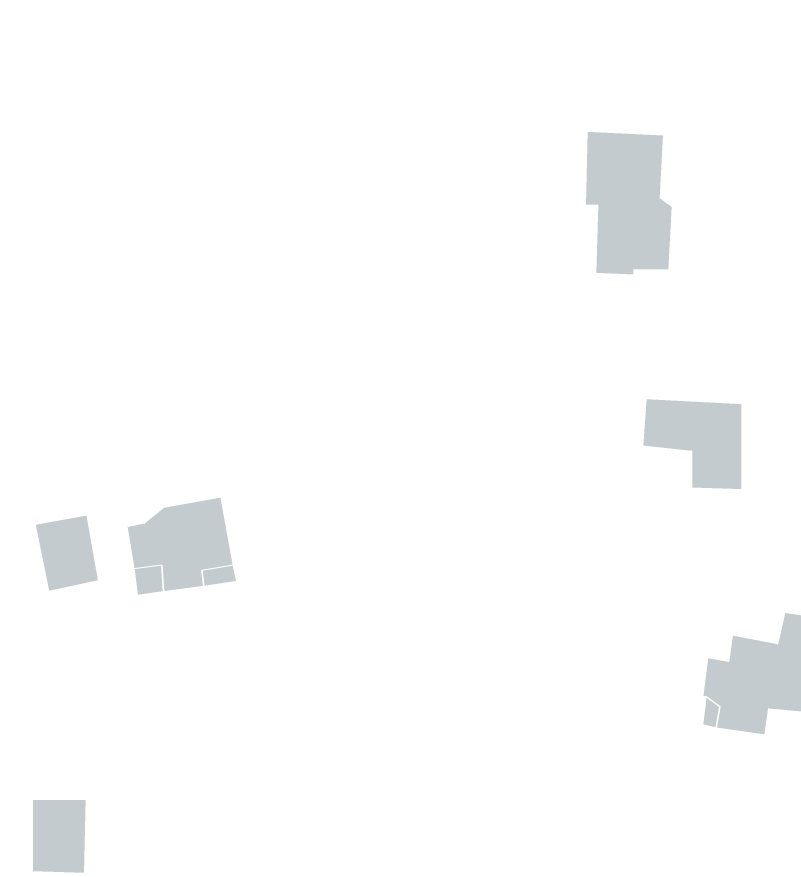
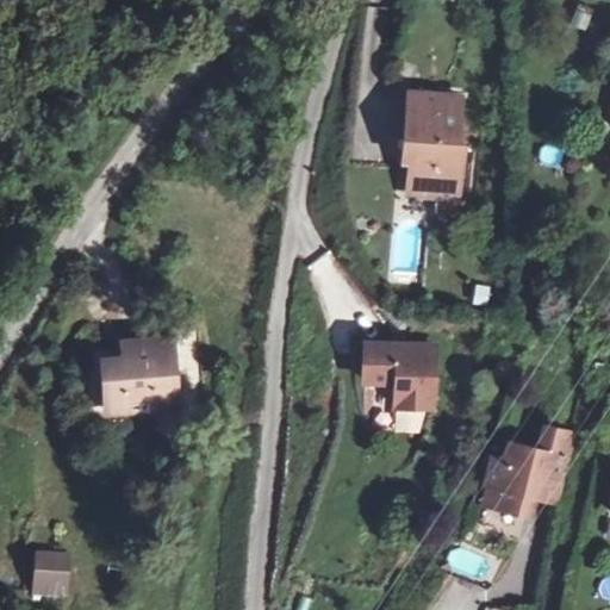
building: [642,399,742,490] -> [362,346,430,407]
building: [35,515,99,591] -> none

